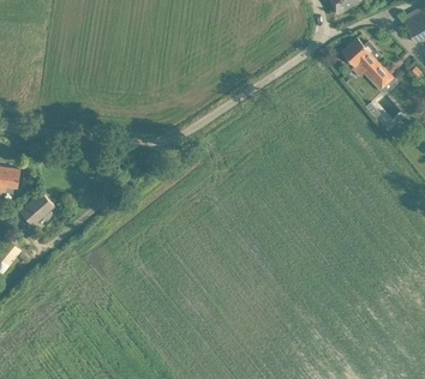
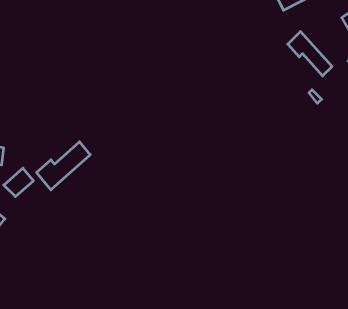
building: none -> [37,142,90,190]

